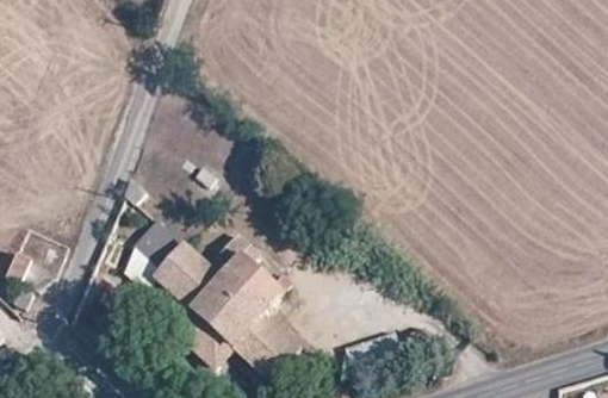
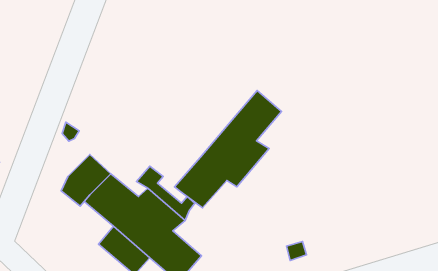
building: none -> [175,91,281,208]

